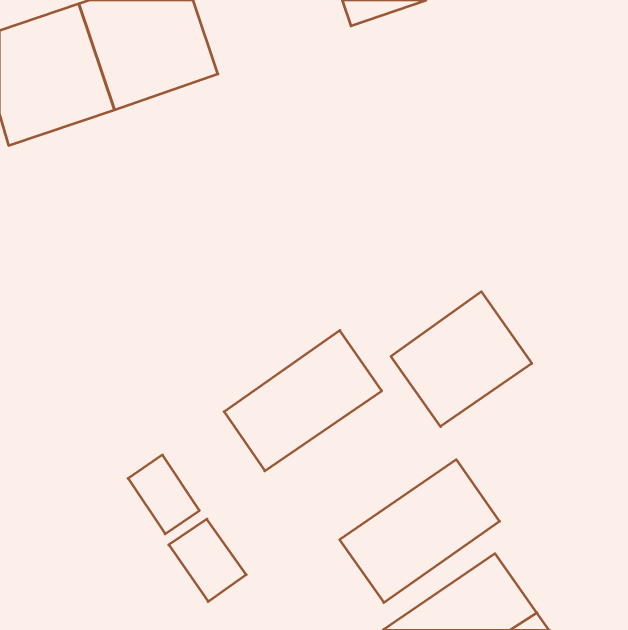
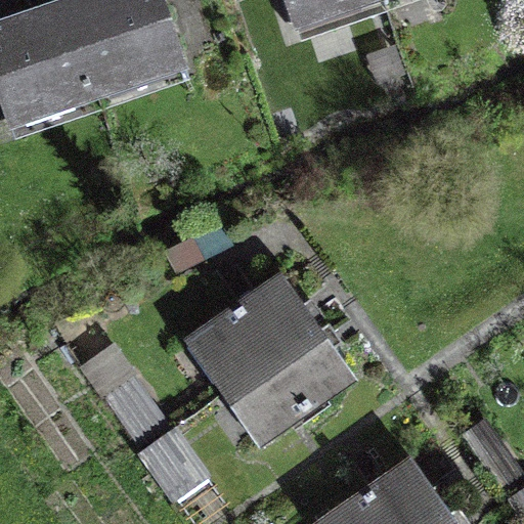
building: [391,292,532,427] -> none
building: [340,460,500,603] -> [220,324,353,443]

